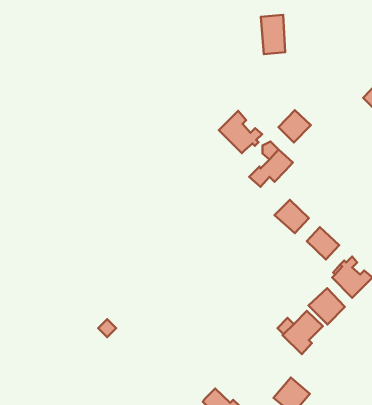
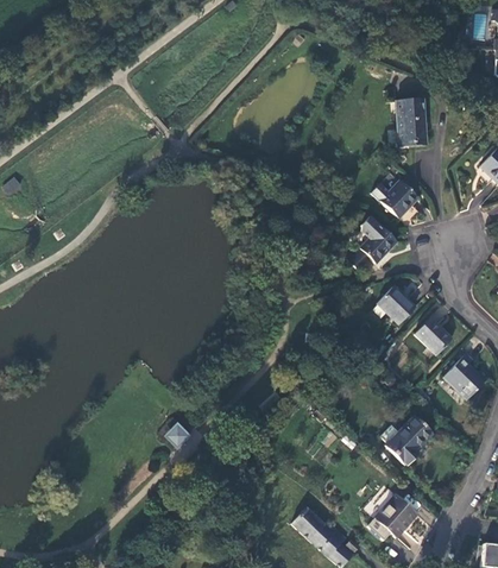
building: [261,15,285,54] -> [397,99,425,145]
building: [219,111,262,153] -> none
building: [308,288,345,324] -> none

